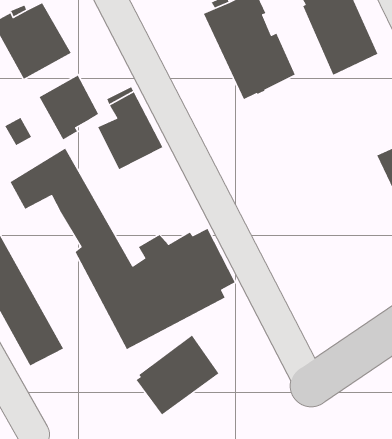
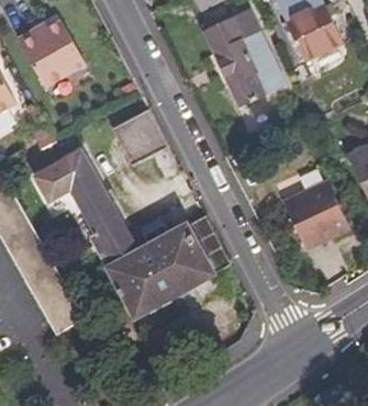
building: [38,74,99,141] -> none
building: none -> [287,180,350,245]
building: [136,334,220,416] -> none

